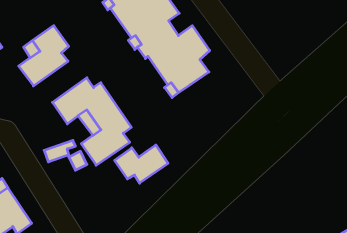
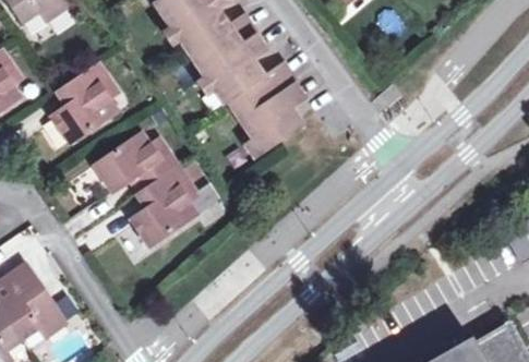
building: [115,145,168,183] -> none

